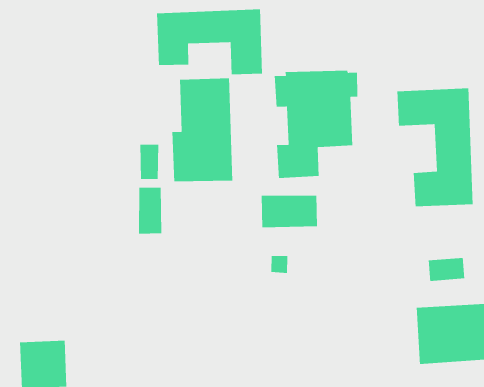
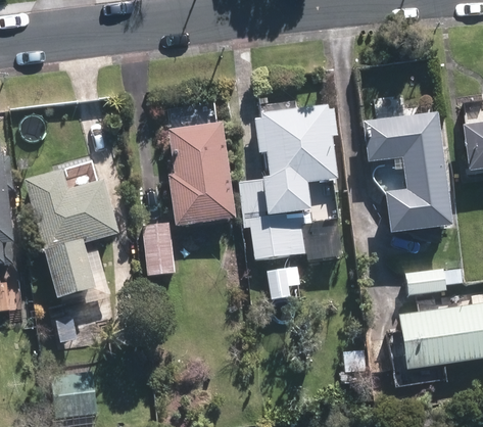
building: [156,8,263,75] -> none
building: none -> [25,170,116,298]

